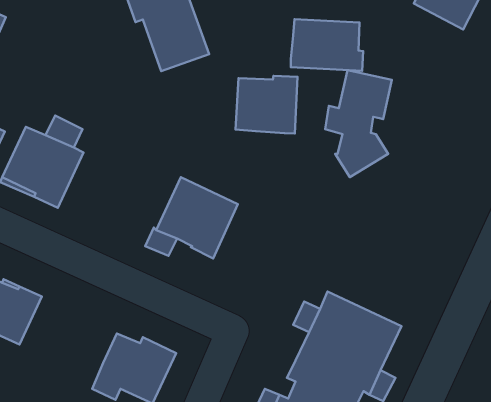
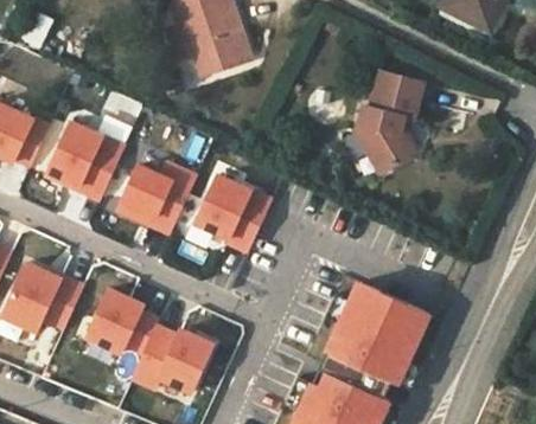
building: [291,19,363,71] -> none
building: [236,76,298,134] -> none
building: none -> [117,163,194,235]
building: none -> [88,287,160,352]

